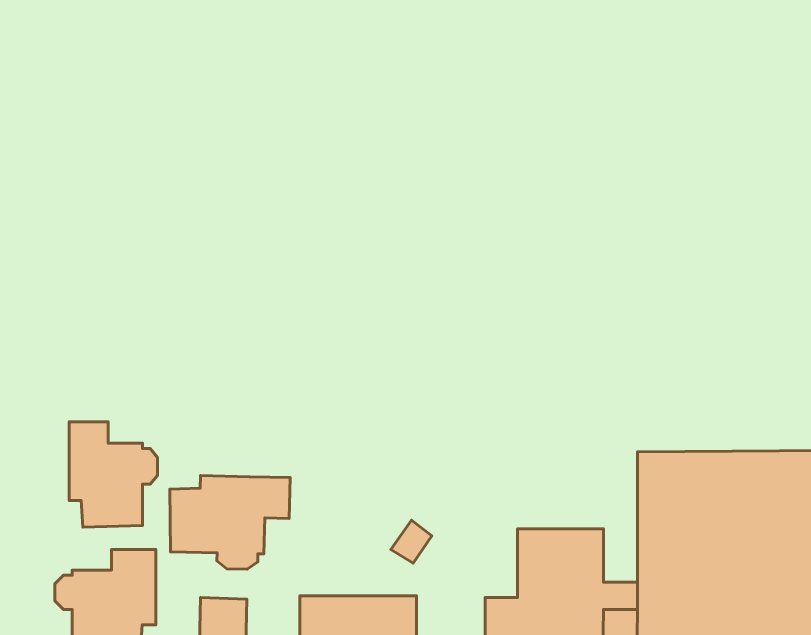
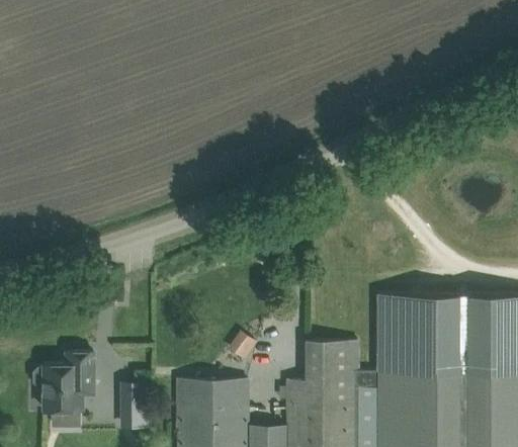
building: [69,422,158,527] -> none
building: [170,476,290,569] -> none

